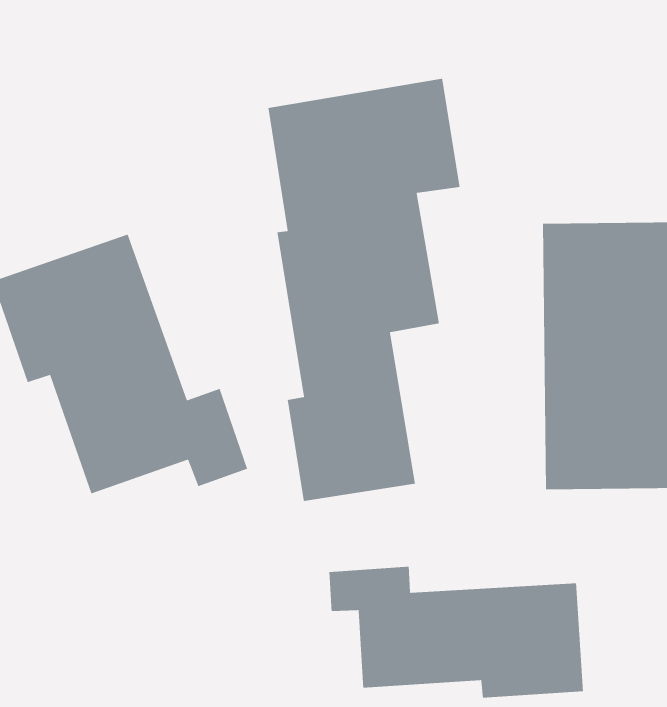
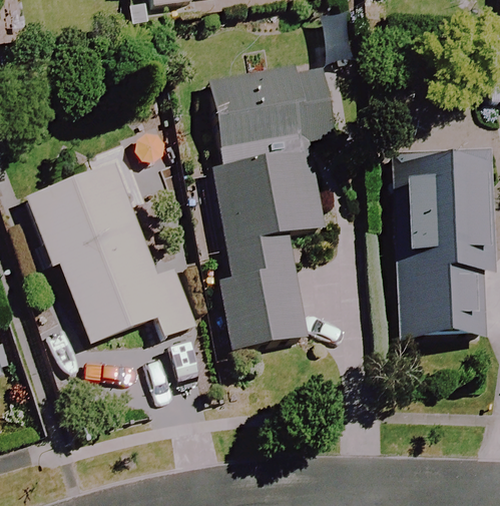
building: [328,566,584,699] -> none

